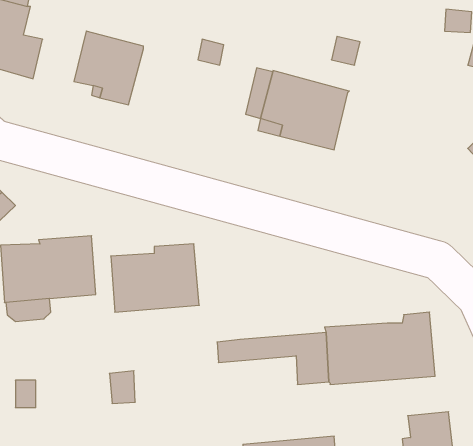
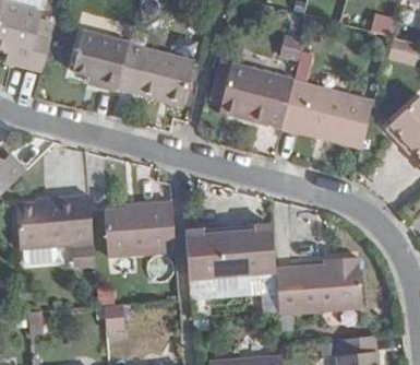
building: none -> [119,45,194,107]
building: none -> [284,80,374,146]
building: none -> [185,224,277,280]

